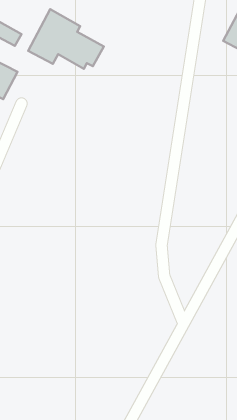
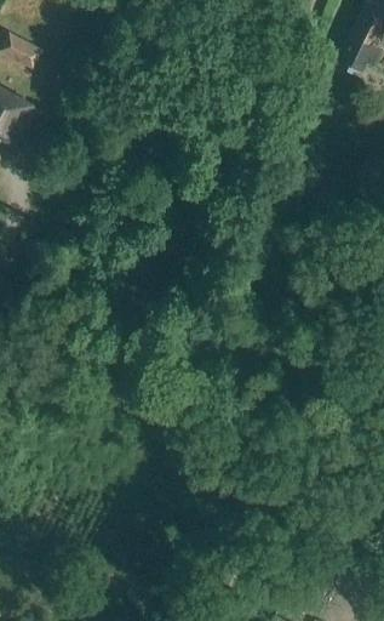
building: [28,9,104,69] -> none

